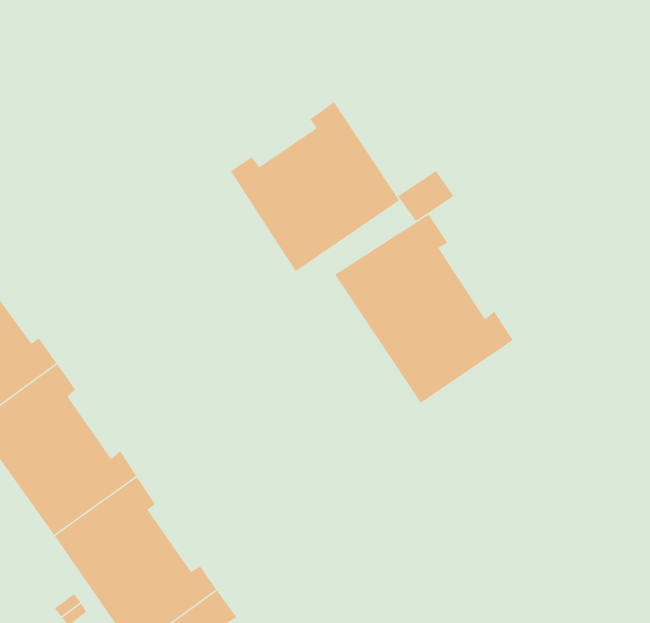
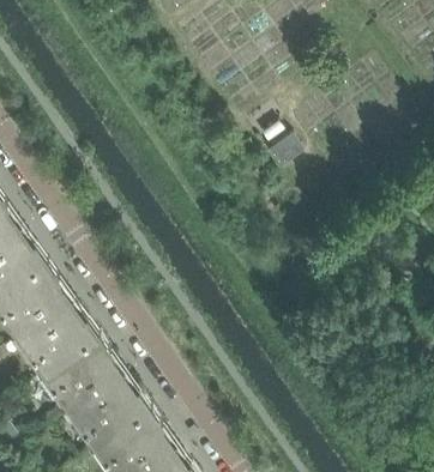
building: [230,101,400,272] -> none
building: [334,214,514,404] -> none

